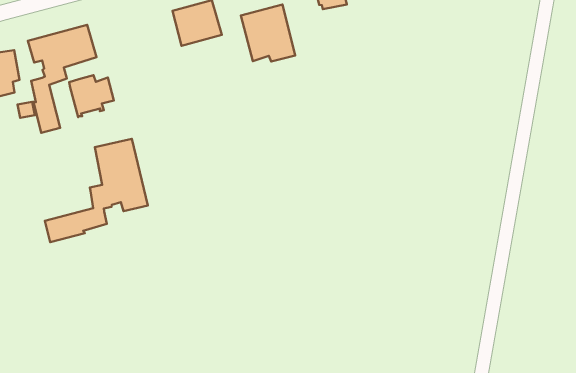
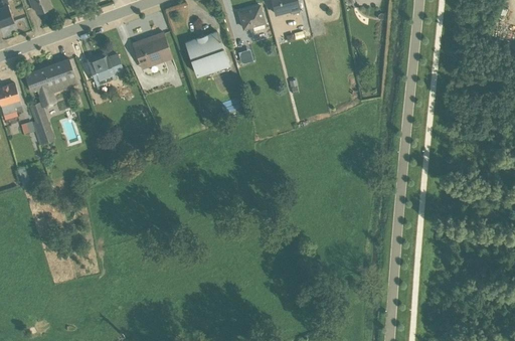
building: [69,75,114,117] -> [88,52,123,86]
building: [45,139,148,242] -> none

